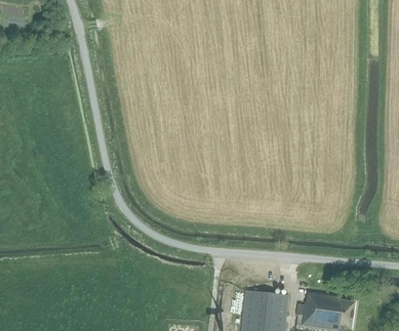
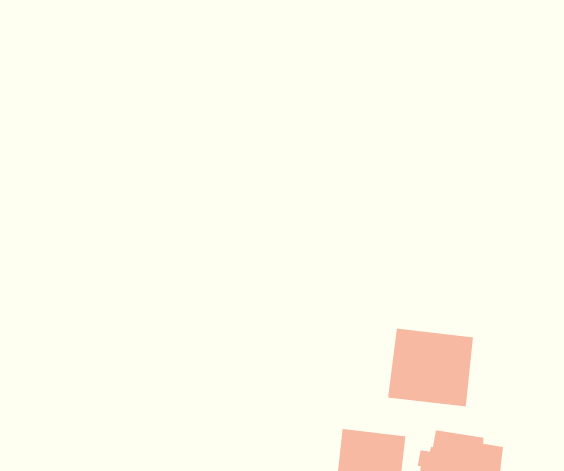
building: none -> [388,328,474,407]

